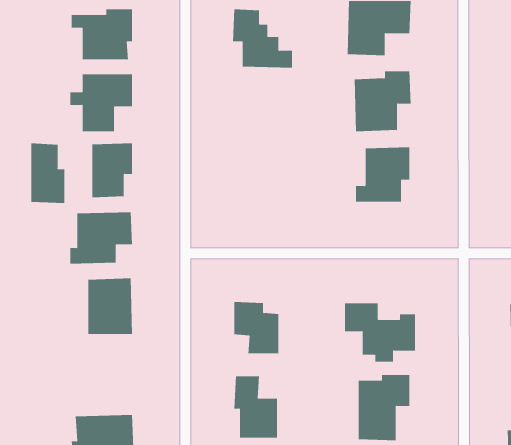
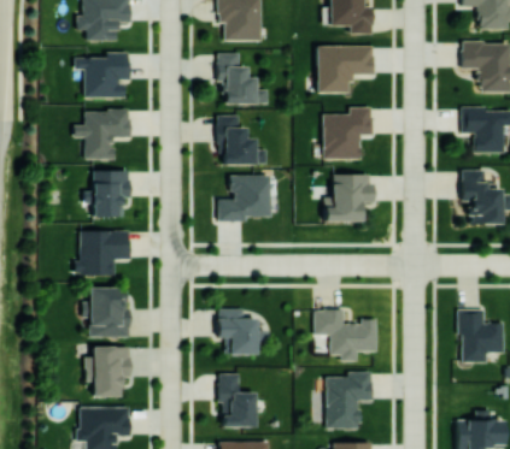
building: none -> [219,116,269,165]
building: [31,142,65,204] -> none
building: none -> [216,175,271,223]
building: none -> [93,347,131,397]

